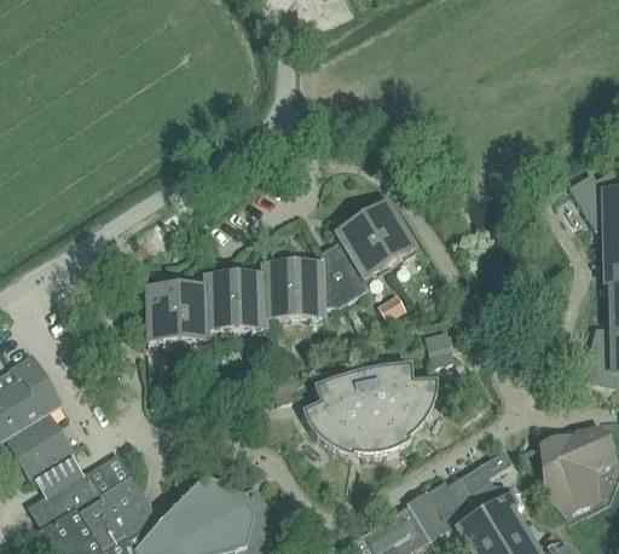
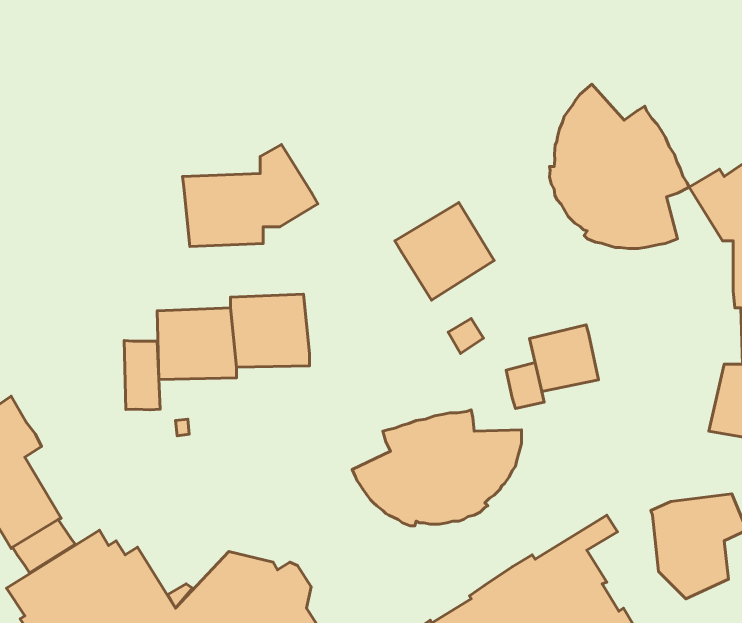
building: none -> [549,84,689,249]
building: [262,238,370,319] -> [182,144,318,247]
building: none -> [530,325,599,392]
building: none -> [124,341,160,410]

